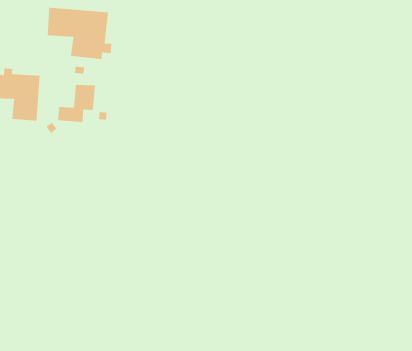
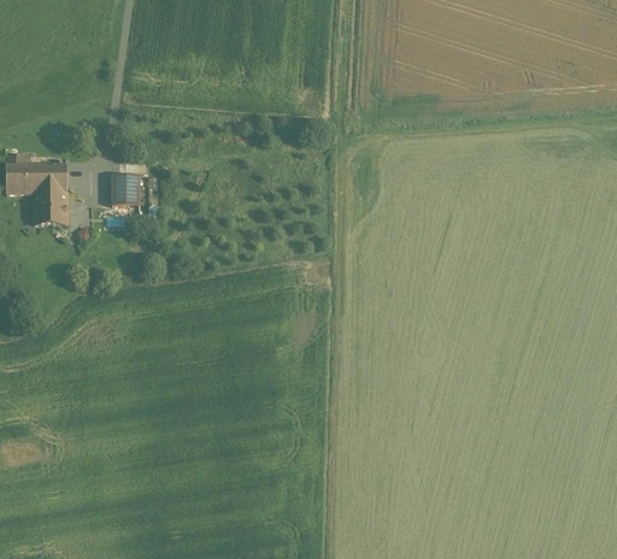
building: [47,7,112,60] -> none

